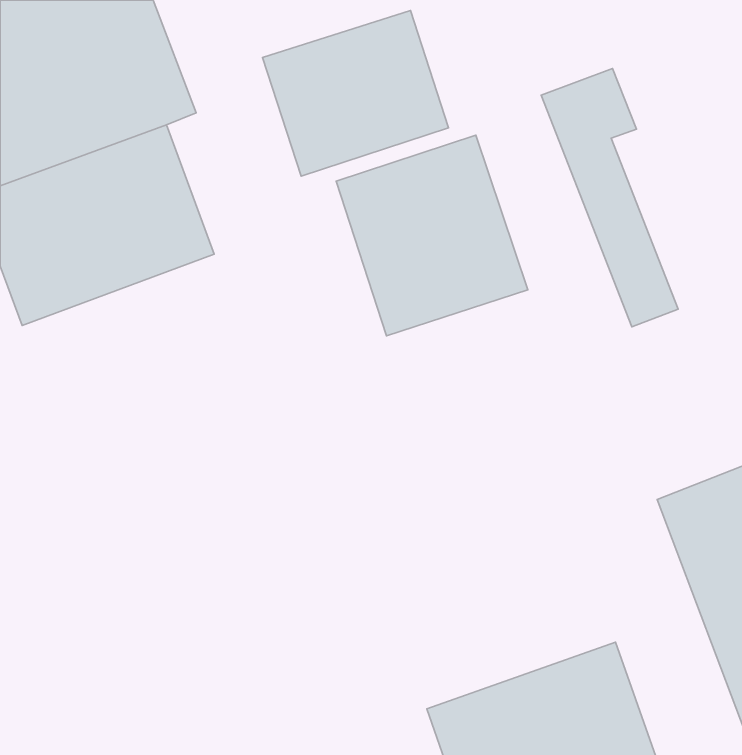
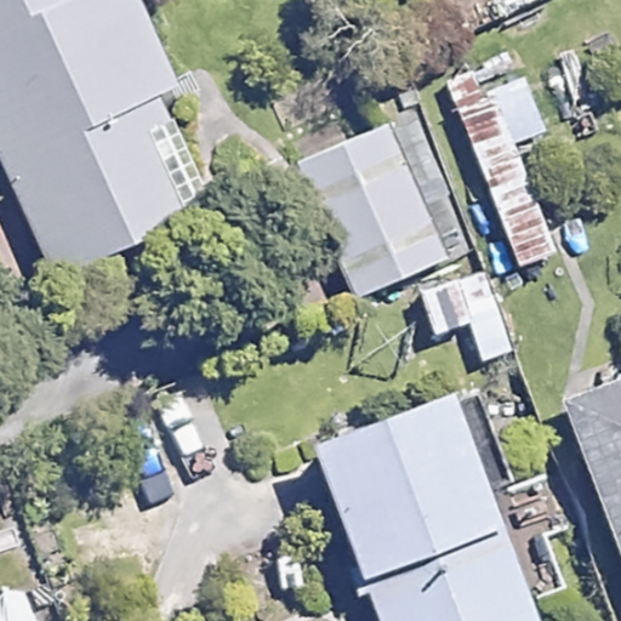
building: [262,10,449,176] -> none
building: none -> [314,392,517,582]

